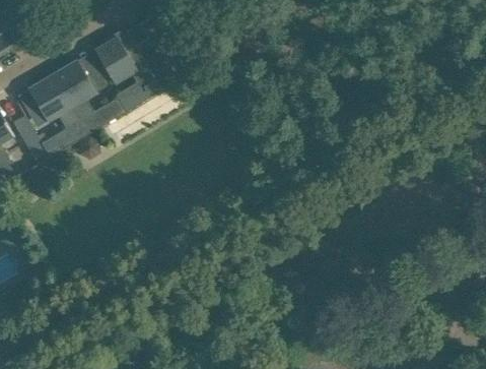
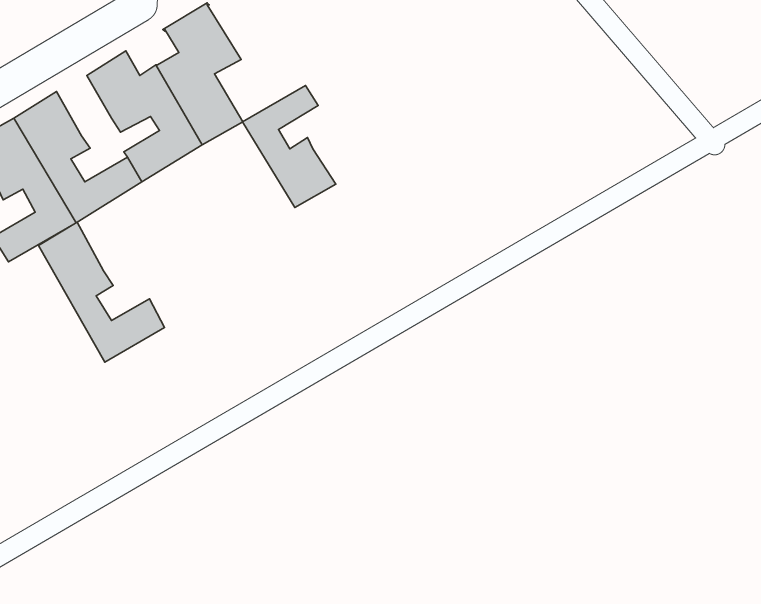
building: none -> [242,85,336,208]
building: none -> [38,222,165,362]

